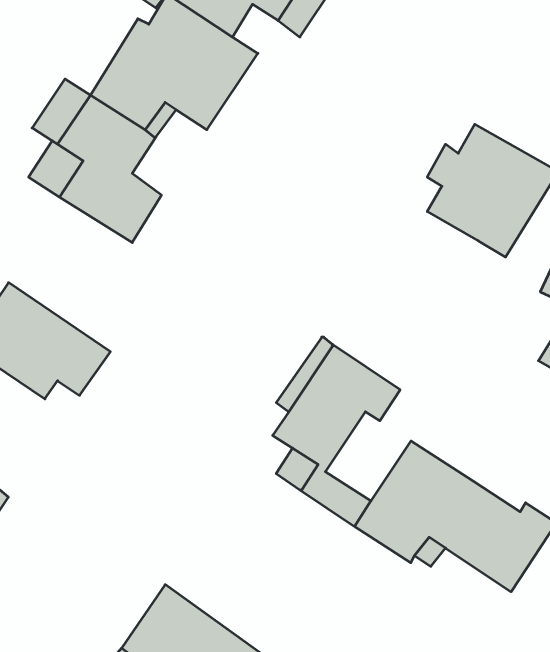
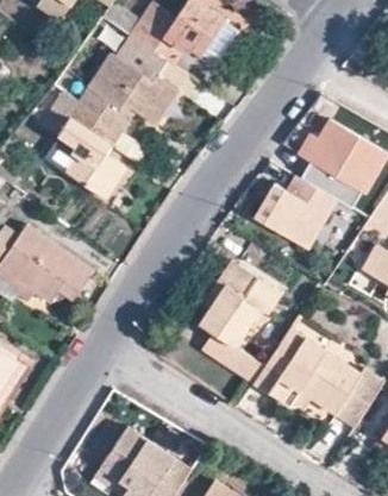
building: none -> [252,175,333,249]

